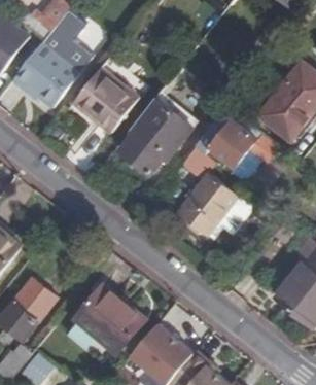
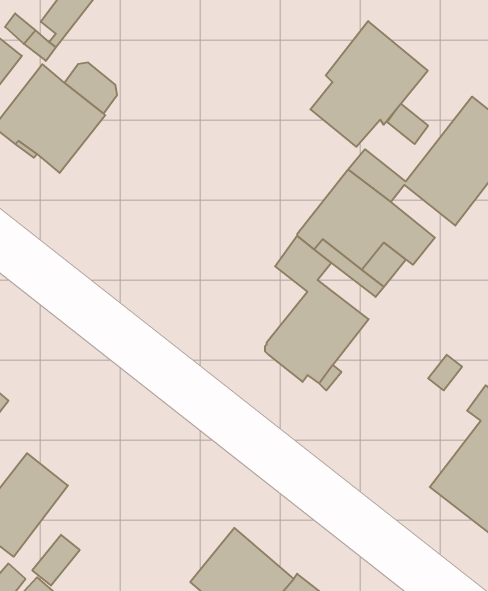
building: [72,66,139,132] -> none
building: [120,96,191,172] -> [310,21,428,147]
building: [75,284,145,352] -> none

